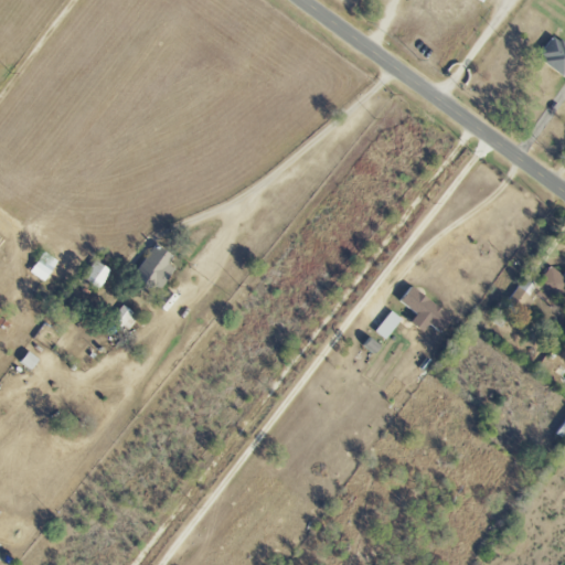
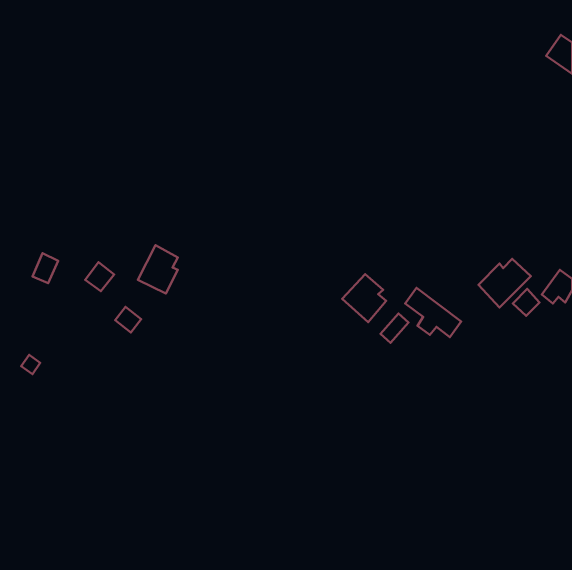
building: none -> [478,259,531,307]
building: none -> [342,274,386,322]

